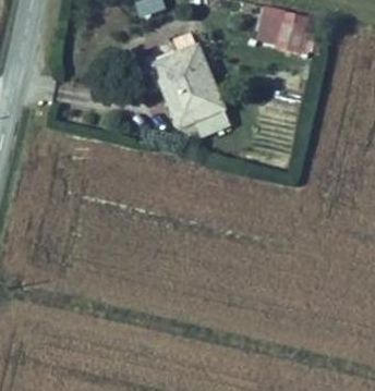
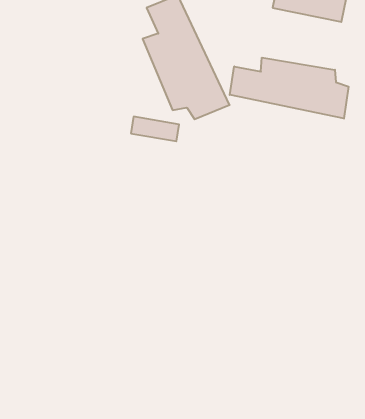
building: none -> [230,58,349,119]

